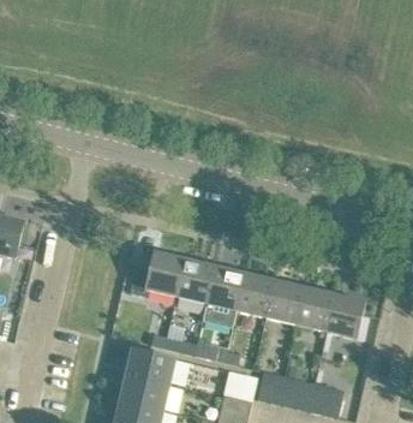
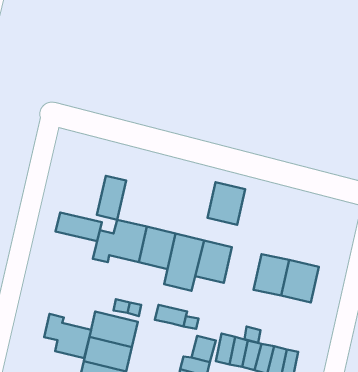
building: none -> [97,176,126,220]
building: none -> [56,213,102,241]
building: [265,280,305,324] -> [207,182,245,225]
building: none -> [44,314,91,358]

